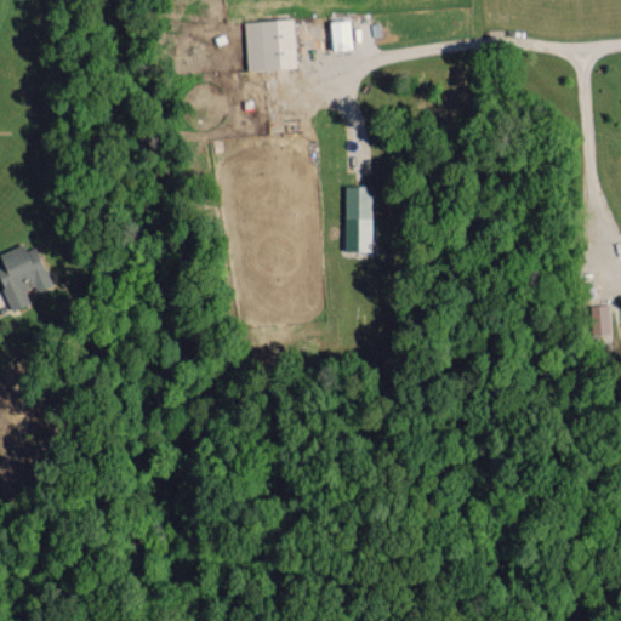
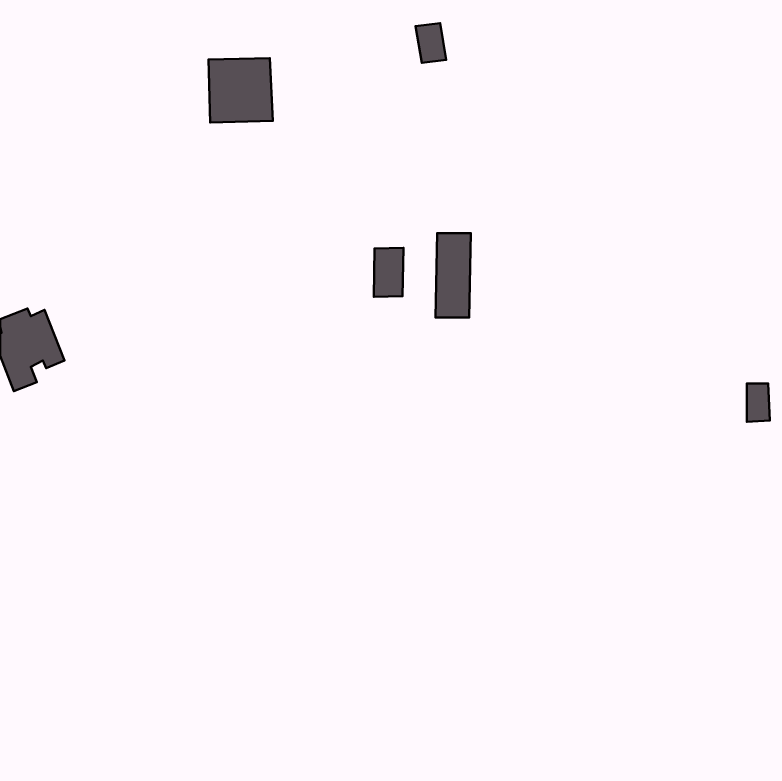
building: [246,21,297,72] -> [209,58,273,122]
building: none -> [374,248,403,297]

